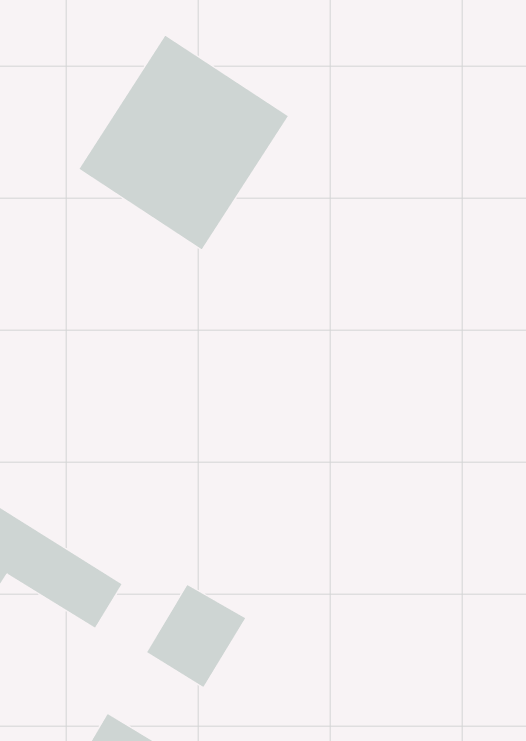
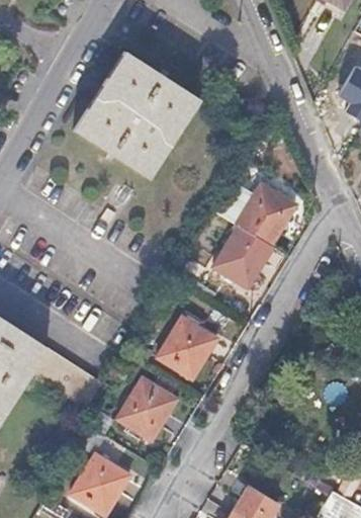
building: none -> [215,183,298,289]
building: none -> [156,318,214,379]

